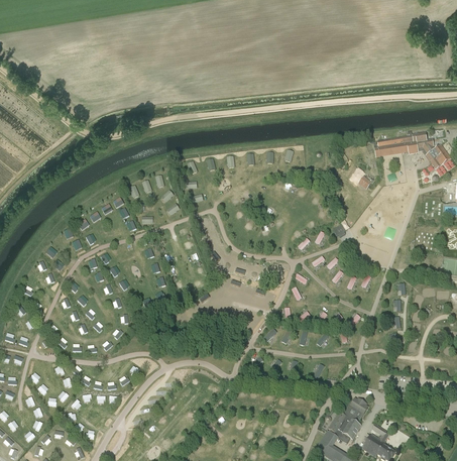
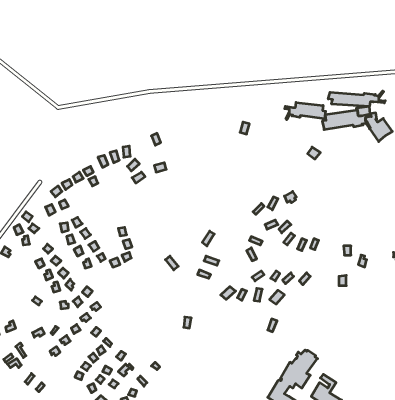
building: none -> [328,91,385,106]
building: none -> [285,102,326,120]

